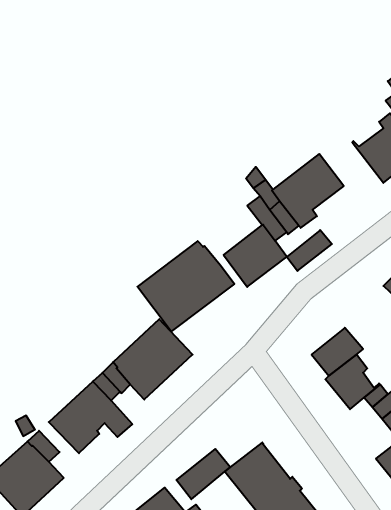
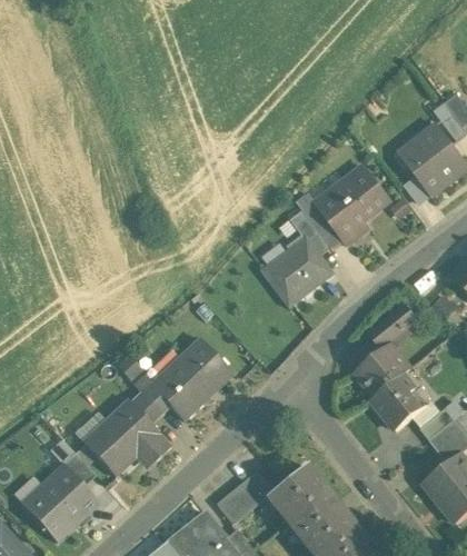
building: [287,230,332,271] -> [370,306,417,348]
building: [137,241,234,332] -> none

